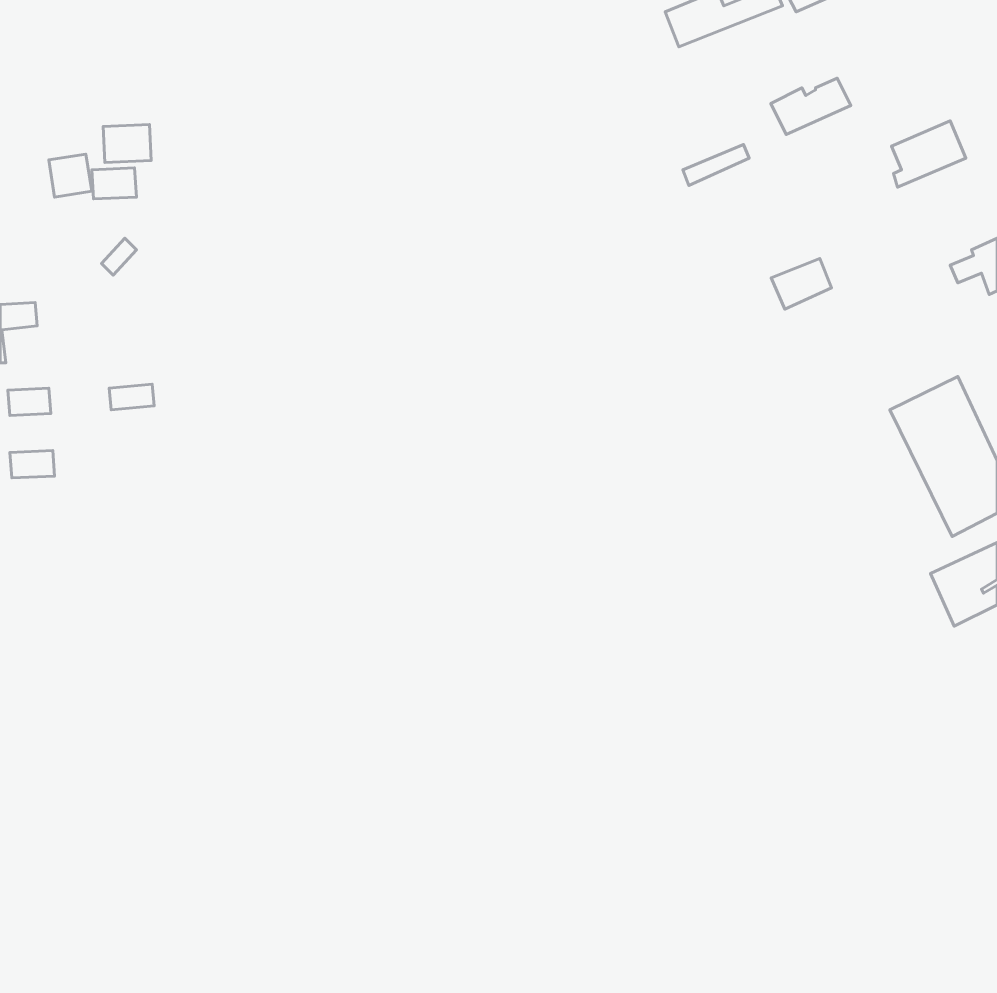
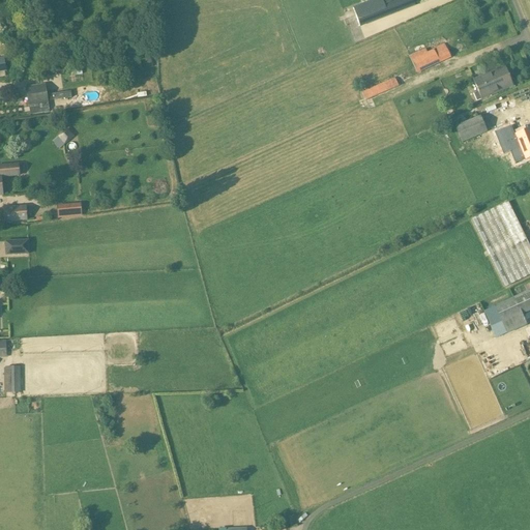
building: [103,124,151,163] -> none
building: [771,258,832,309] -> [454,114,487,141]
building: none -> [5,366,21,392]

